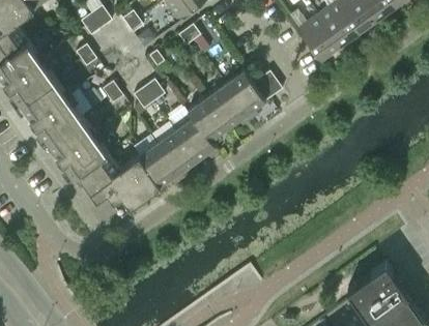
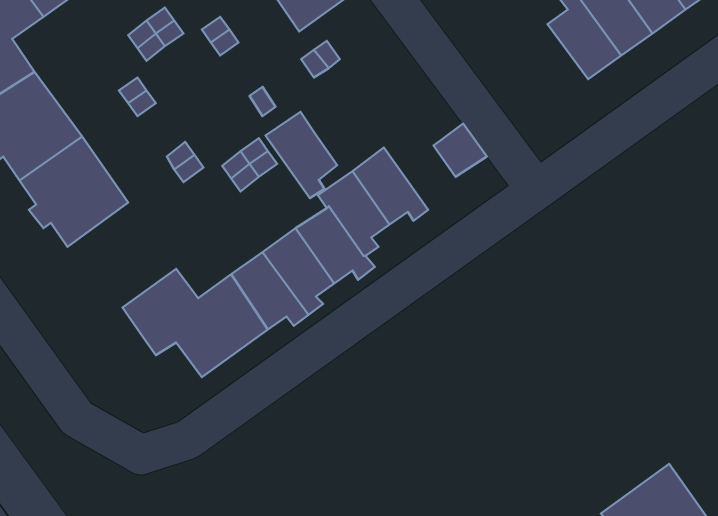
building: [290,9,340,59] -> none
building: [225,70,265,119] -> [266,112,337,198]
building: [47,115,108,177] -> none

